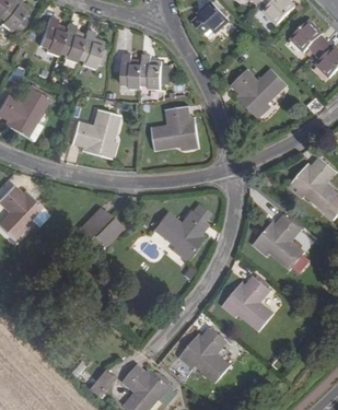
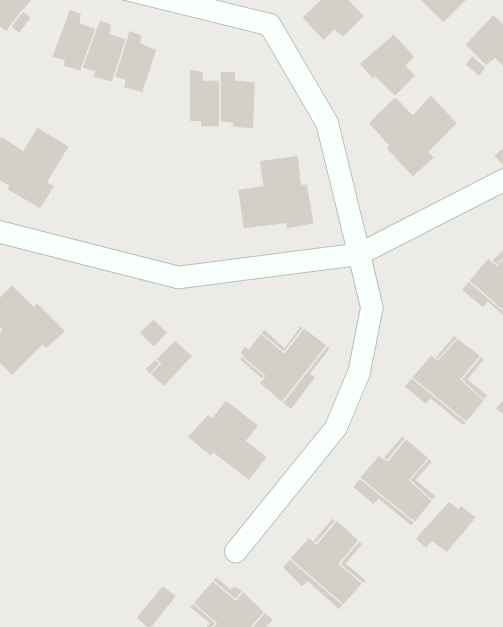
building: none -> [359,33,415,96]
building: [70,108,118,157] -> none
building: none -> [187,399,268,481]
building: none -> [415,501,477,553]

